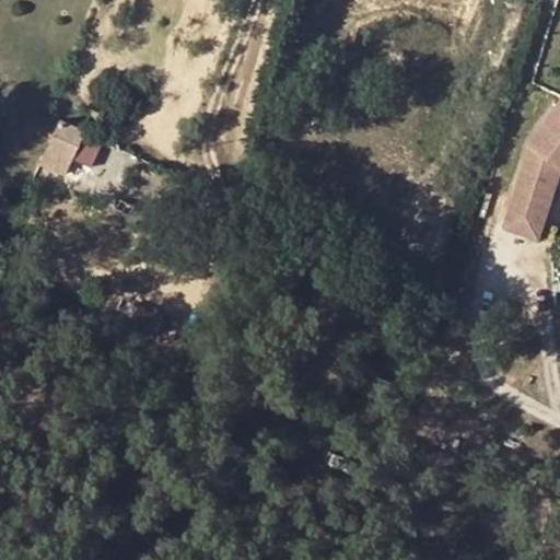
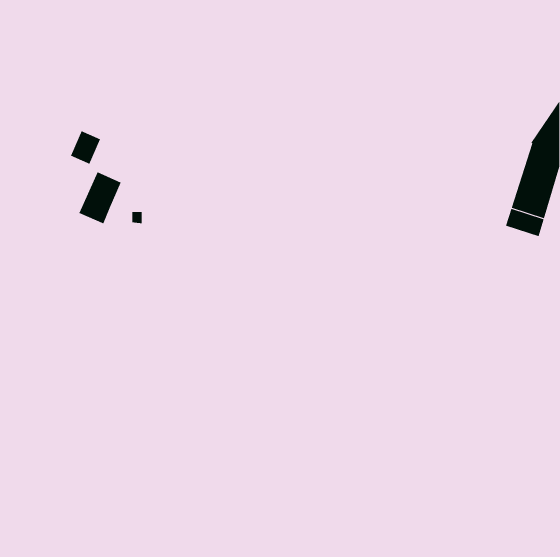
building: [38,122,81,175] -> [79,172,121,224]

